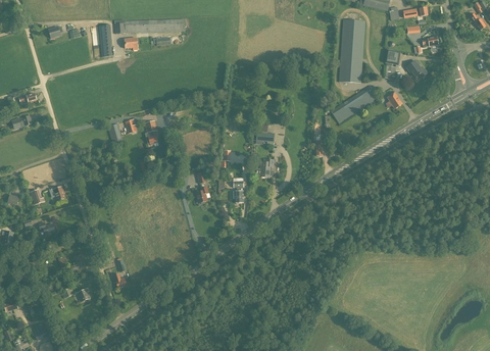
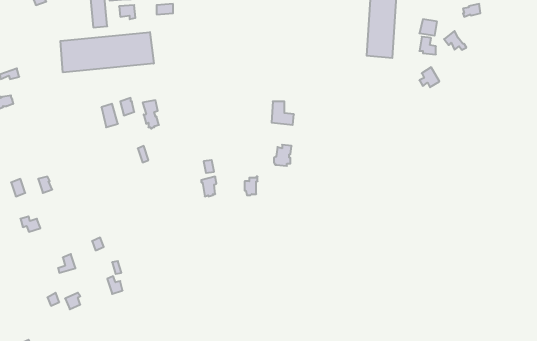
building: none -> [60,32,154,72]
building: [331,85,379,123] -> none

